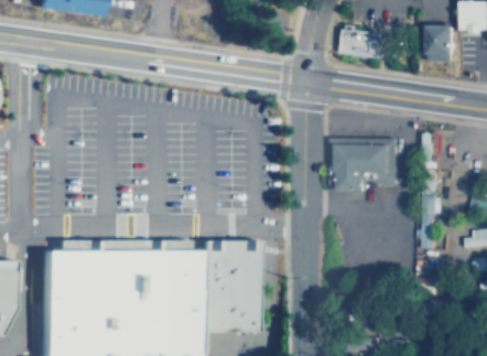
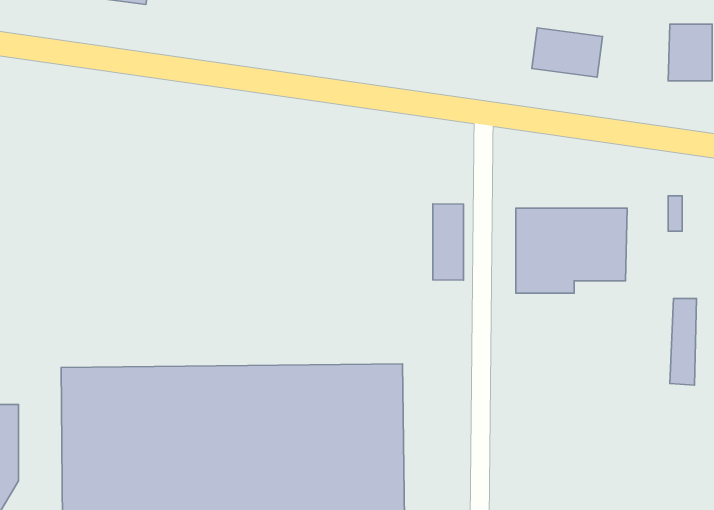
building: none -> [433,204,464,280]

